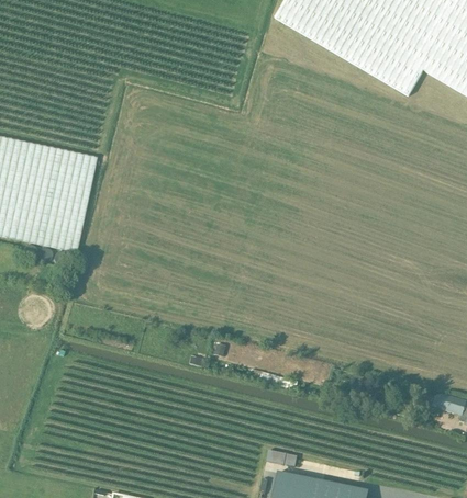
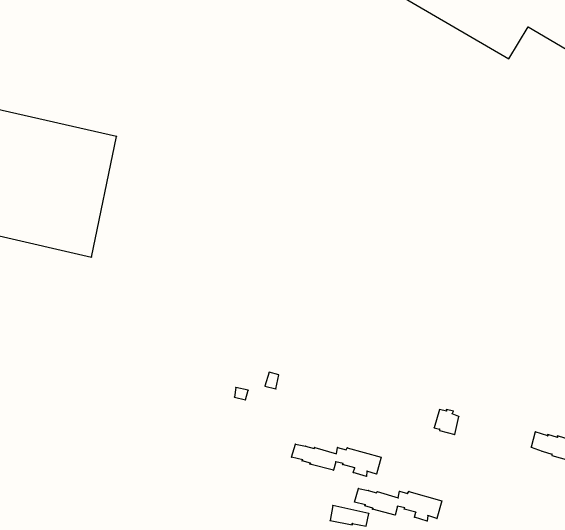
building: none -> [292,444,381,476]
building: none -> [355,488,442,521]

